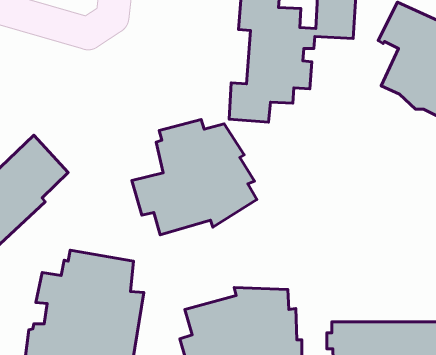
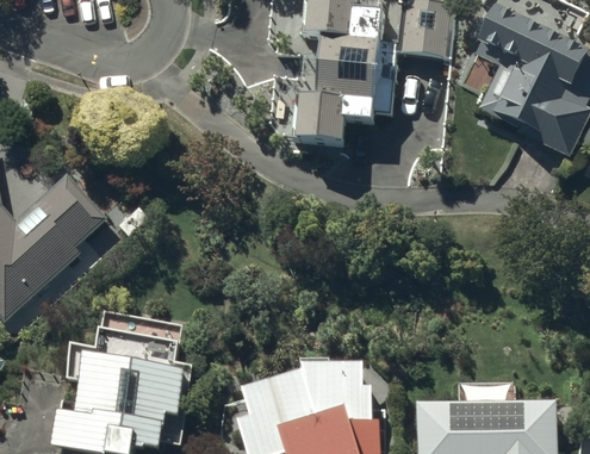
building: [132,119,257,235] -> none

